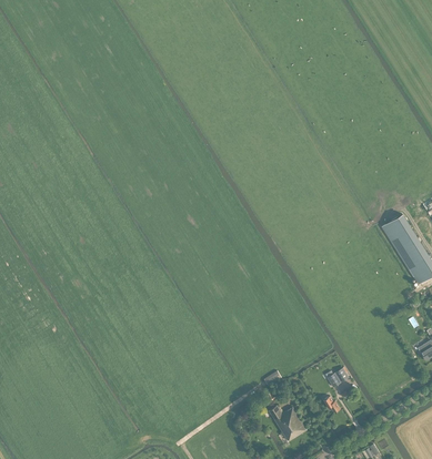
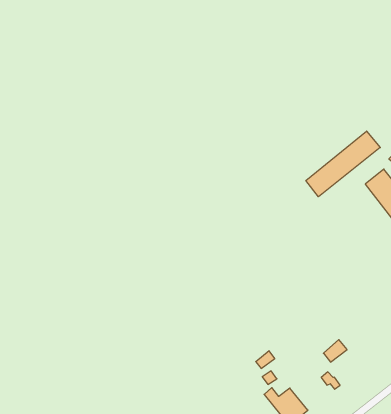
building: none -> [306,131,380,197]

